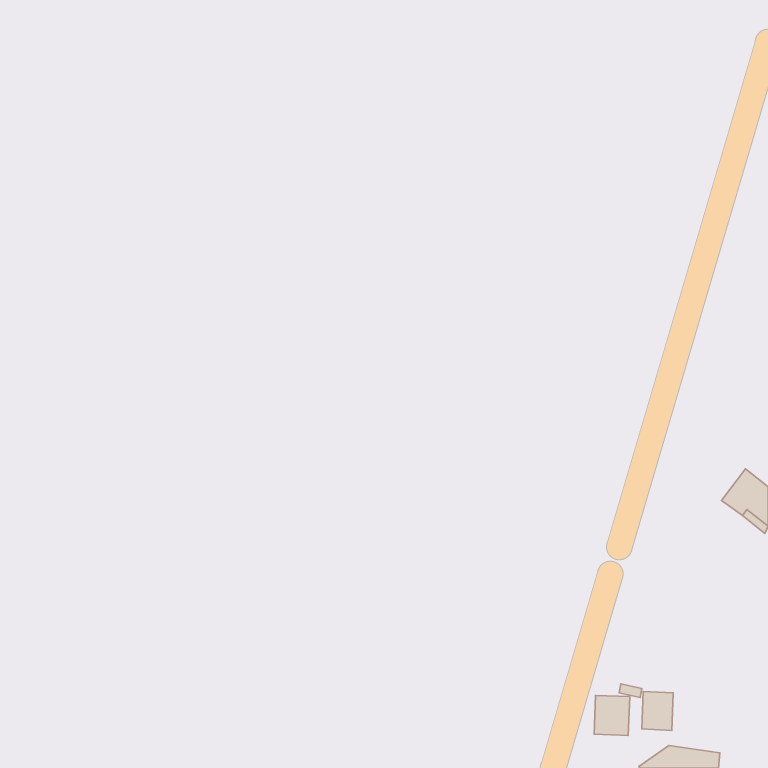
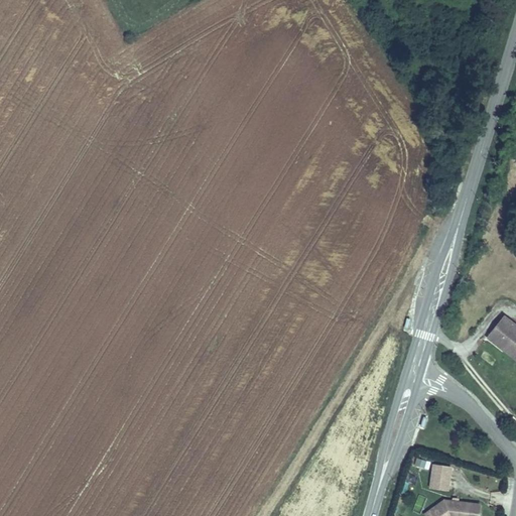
building: [594,695,630,735] -> none

